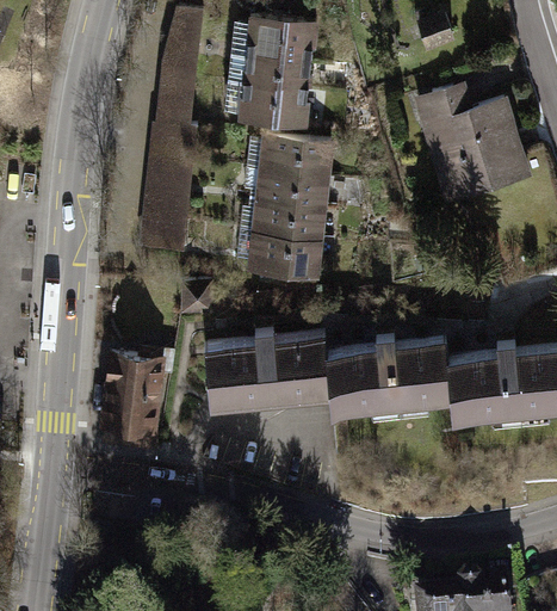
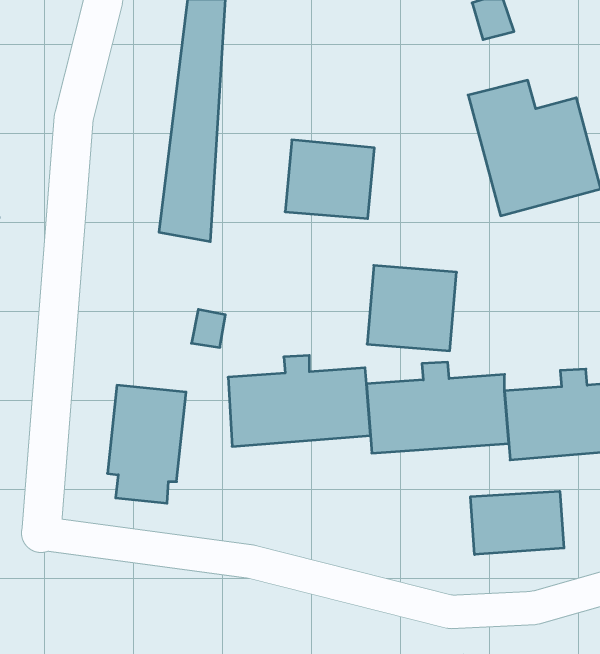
building: [236,21,316,129] -> none
building: [247,203,326,278] -> [367,265,457,351]
building: none -> [471,491,564,555]

